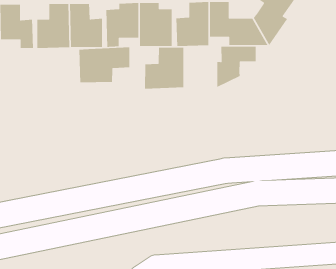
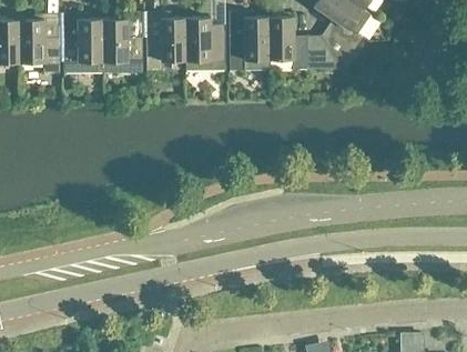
building: [216,46,257,88] -> none
building: [79,47,130,83] -> none
building: [144,47,184,90] -> none

